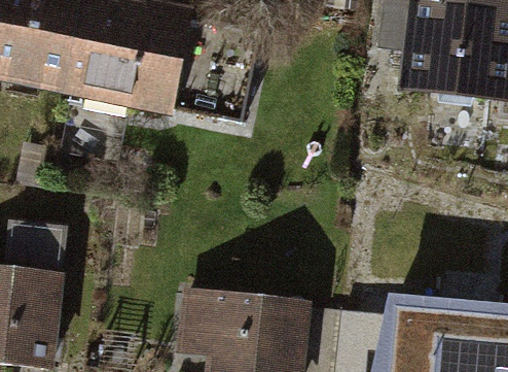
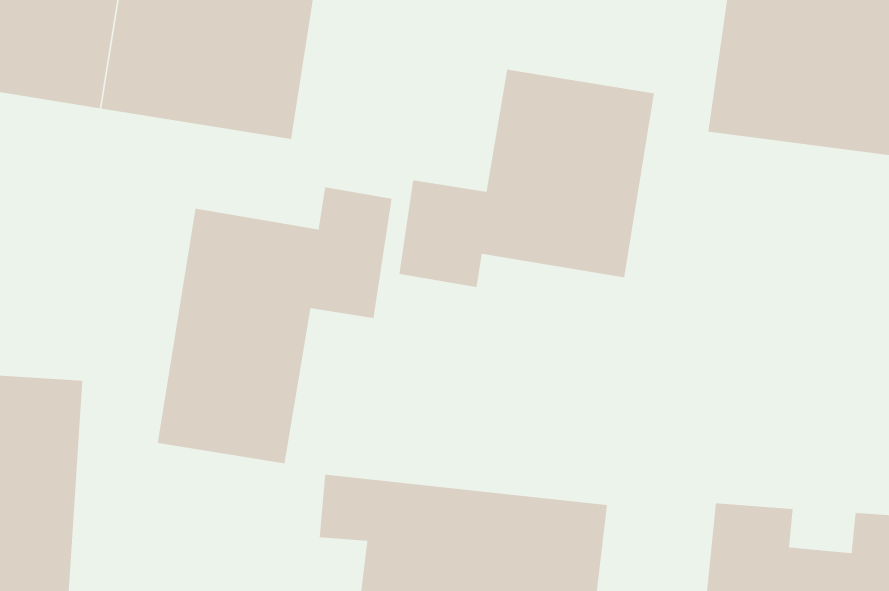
building: none -> [399,69,655,288]
building: none -> [157,186,392,464]

